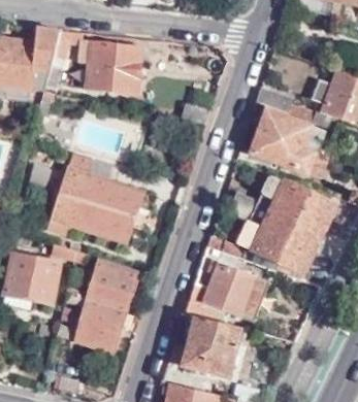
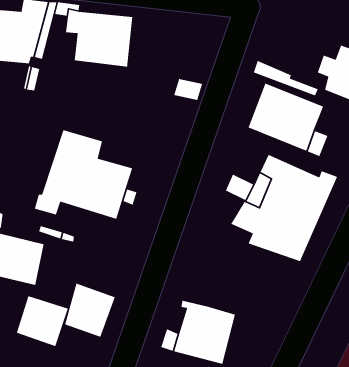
building: [182,261,266,322] -> none
building: [86,263,136,312] -> [16,295,69,347]

